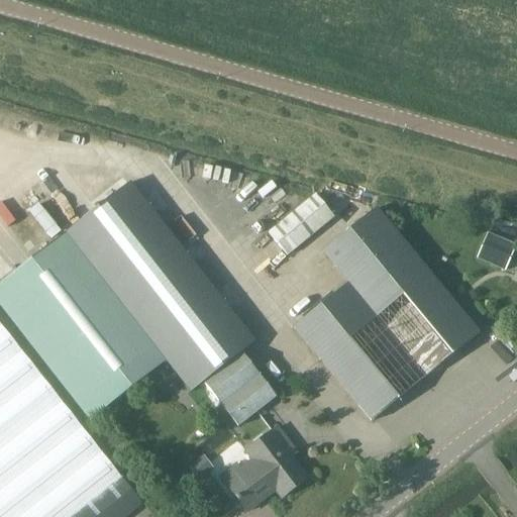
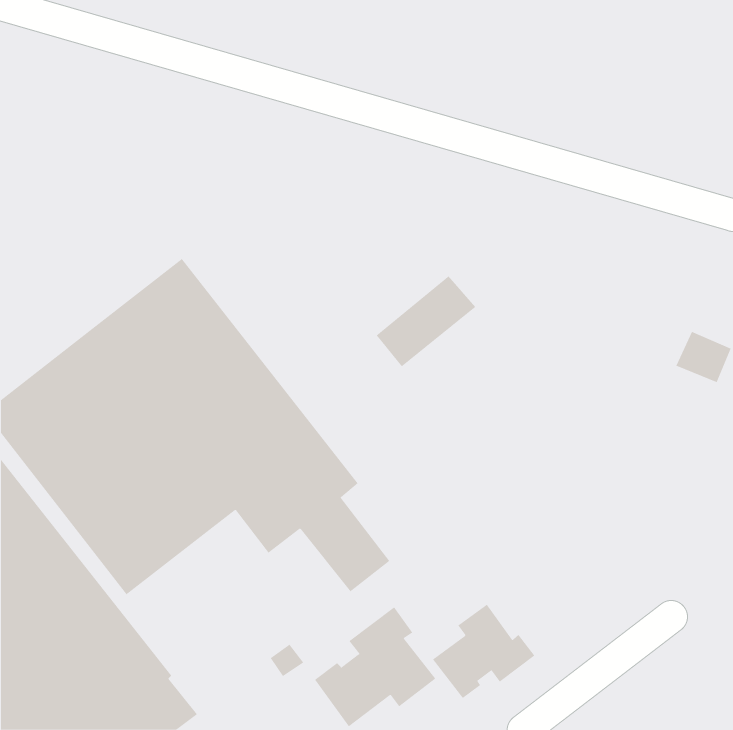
building: [294,209,477,419] -> none
building: none -> [432,604,535,699]

